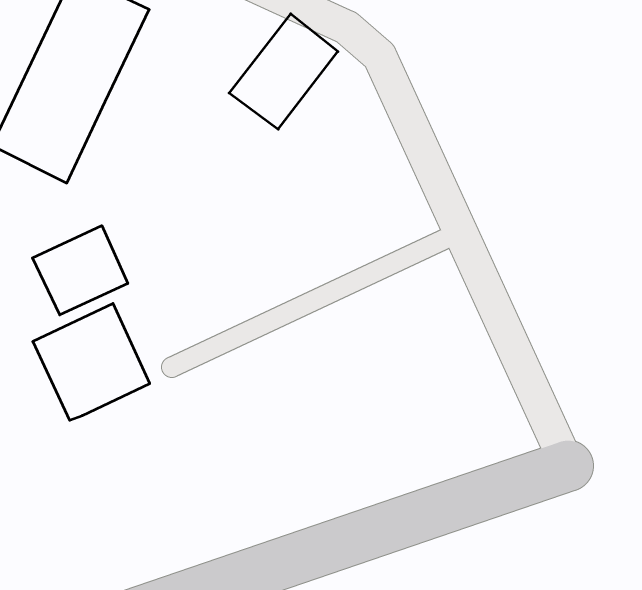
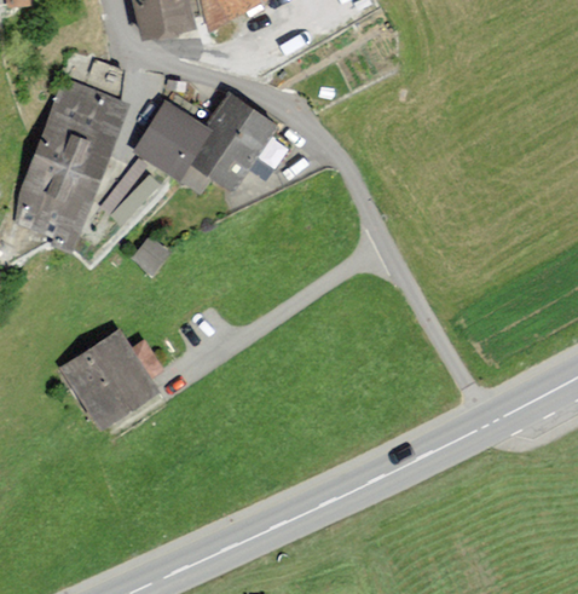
building: none -> [139,102,209,173]
building: [32,226,128,315] -> none

